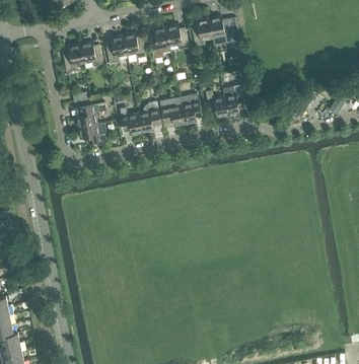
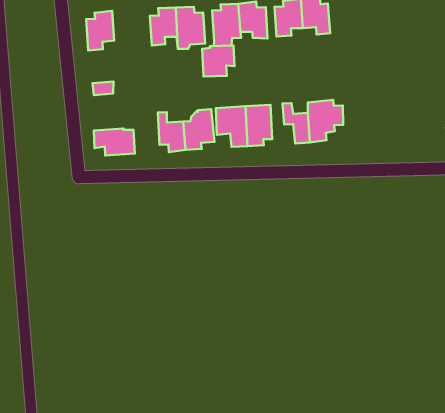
building: [79,43,102,68] -> none
building: none -> [202,45,235,77]
building: [75,104,106,129] -> none

